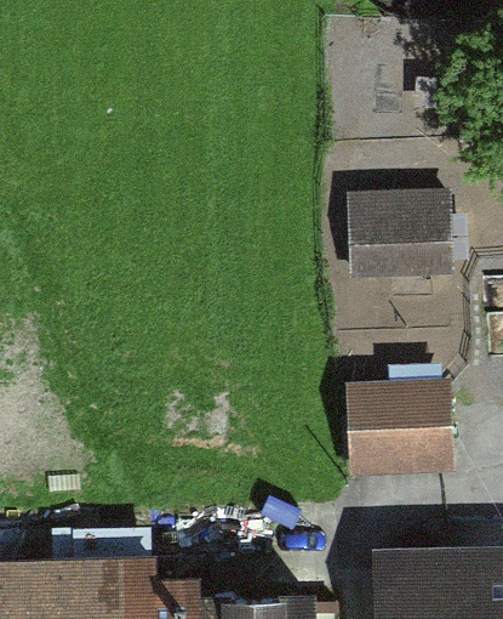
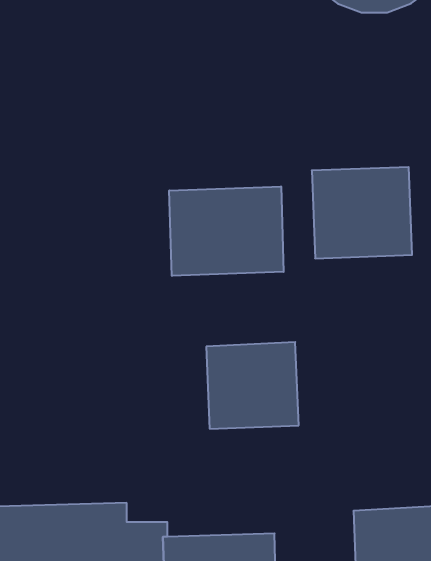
building: none -> [169,186,284,276]
building: [351,381,451,475] -> [206,342,299,429]

